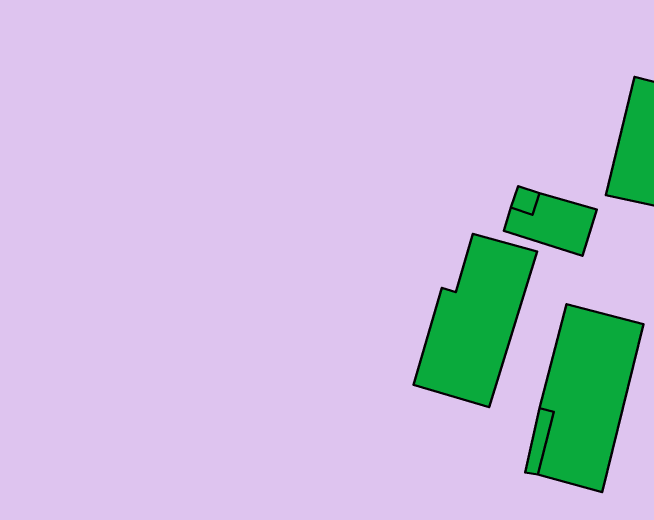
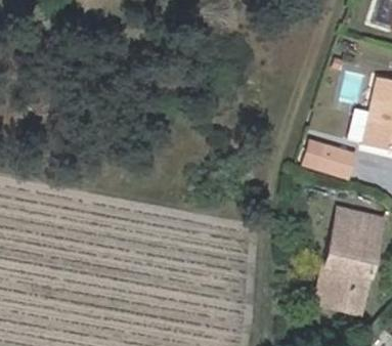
building: [413,234,537,407] -> none

